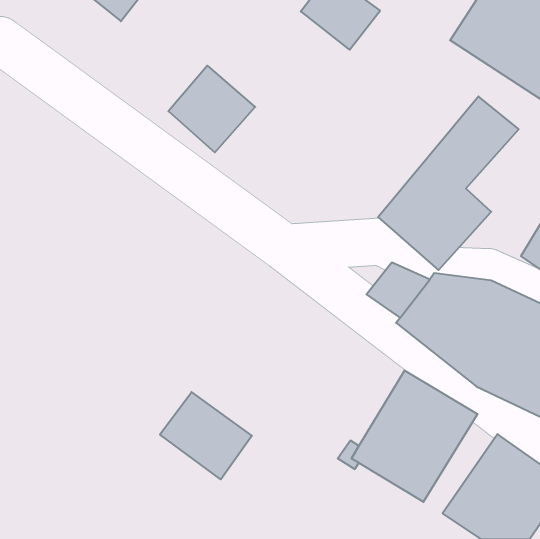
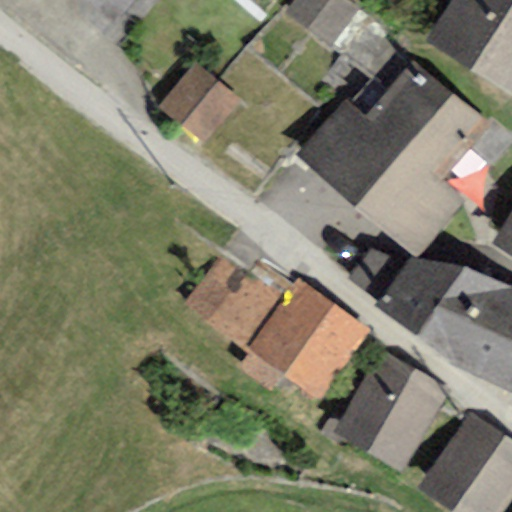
building: none -> [297,60,453,205]
building: none -> [187,255,371,399]
building: [160,392,252,479] -> none

